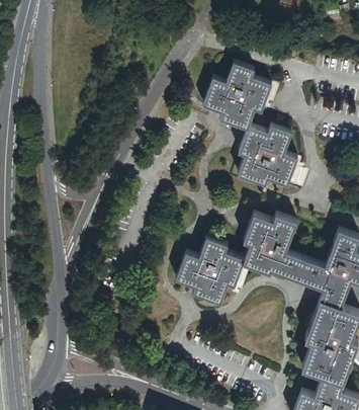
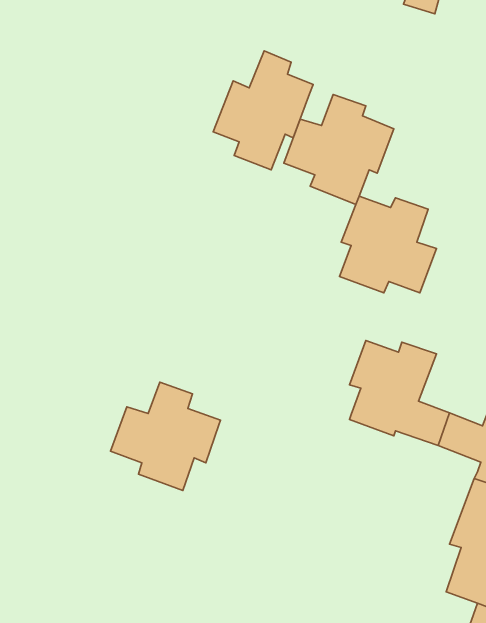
building: none -> [213,51,313,170]
building: [178,235,246,302] -> [111,382,220,491]

